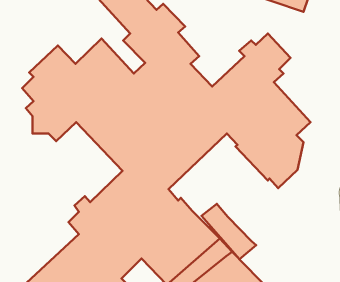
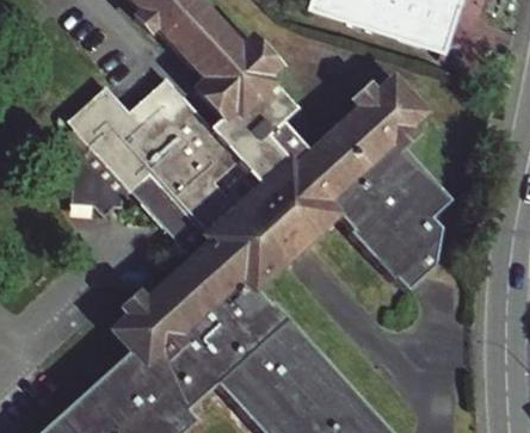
building: [202,204,256,259] -> none

